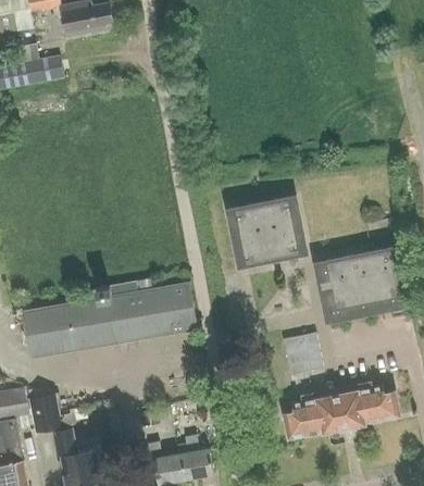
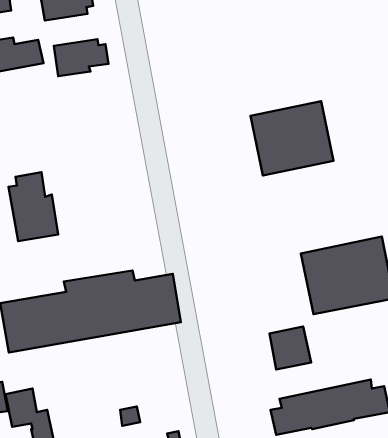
building: none -> [54,39,108,76]
building: none -> [9,172,58,241]
building: [226,195,307,266] -> [250,101,334,175]

